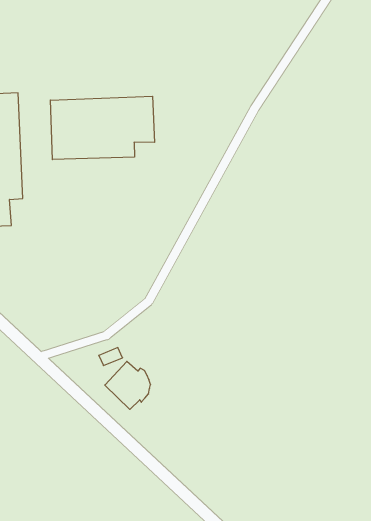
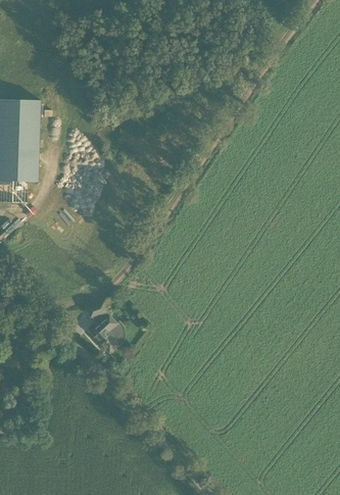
building: [50,96,154,160] -> none

